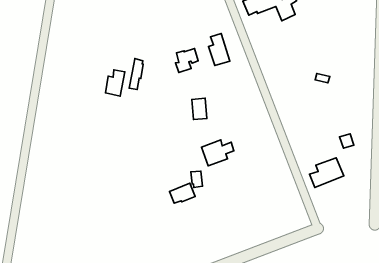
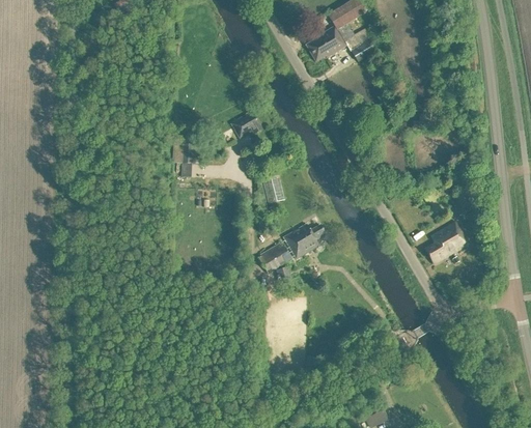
building: [208,33,230,65] -> none
building: [105,70,125,96] -> none
building: [169,183,195,203] -> [258,242,291,270]

